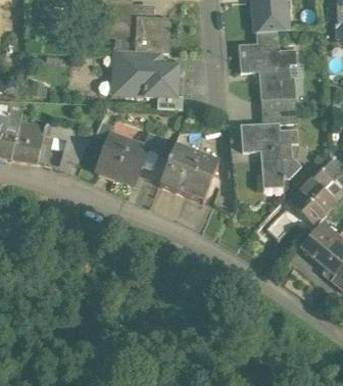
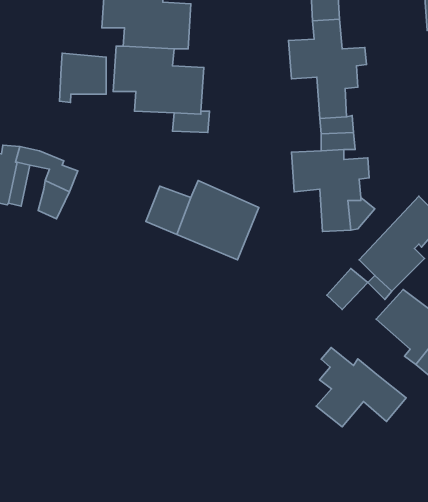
building: none -> [59,53,106,102]
building: [96,134,146,185] -> none
building: none -> [316,347,406,427]

